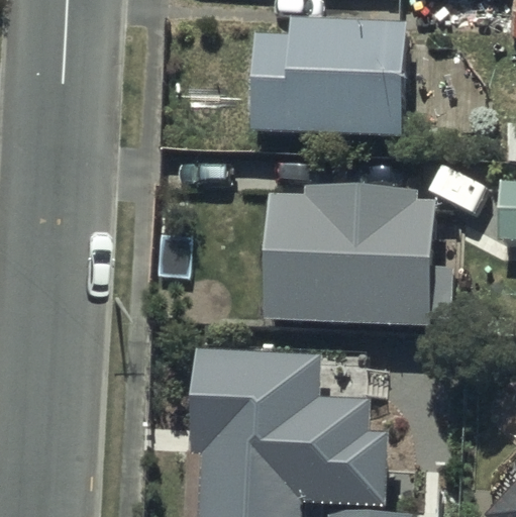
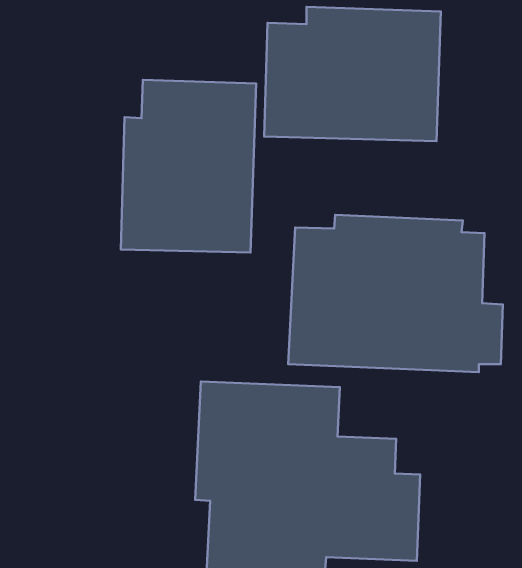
building: none -> [121,80,256,253]

